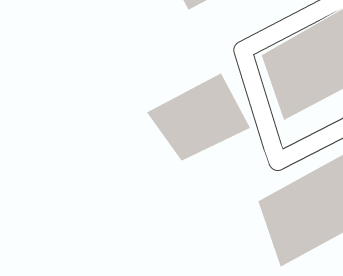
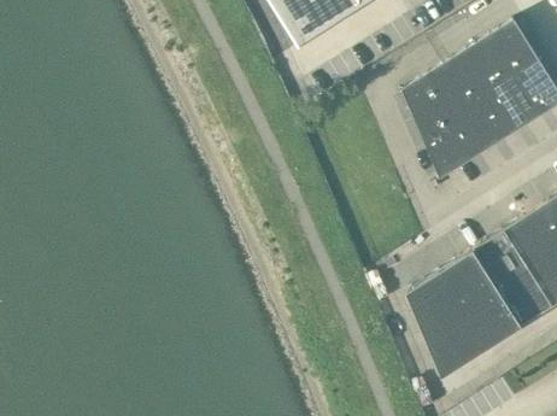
building: [146,73,251,161] -> none

